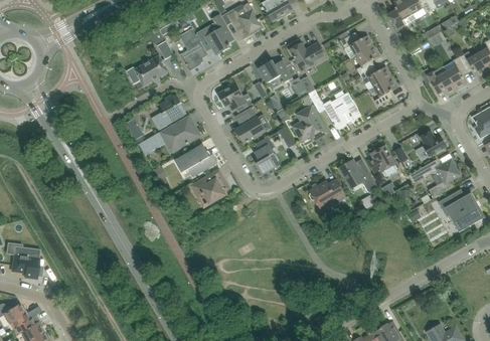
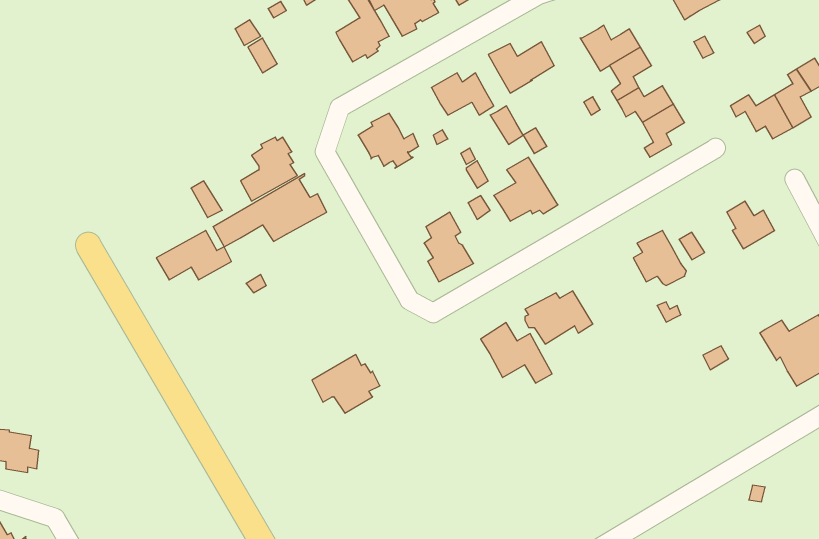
building: [180,29,207,70] -> none
building: [126,55,167,86] -> none
building: [322,93,360,129] -> none
building: [235,107,270,143] -> none
building: [175,145,216,172] -> [156,230,231,280]
building: [407,158,461,198] -> none
building: [338,159,377,192] -> [481,323,552,383]
building: [191,171,228,203] -> [312,355,380,413]

